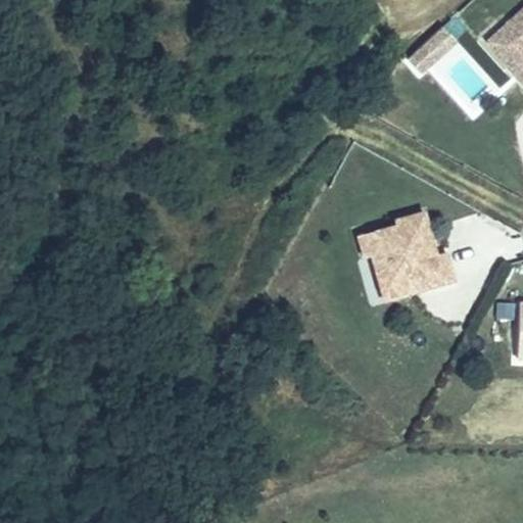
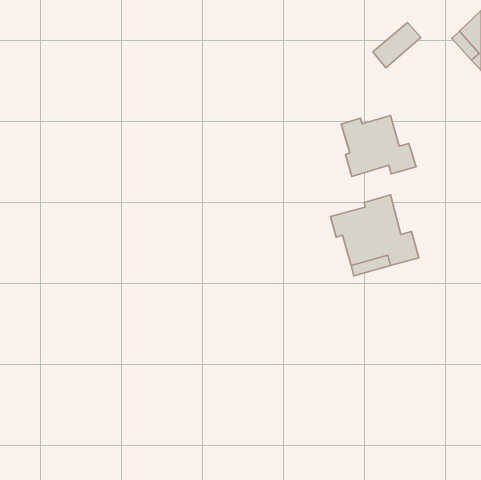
building: none -> [341,116,416,177]

